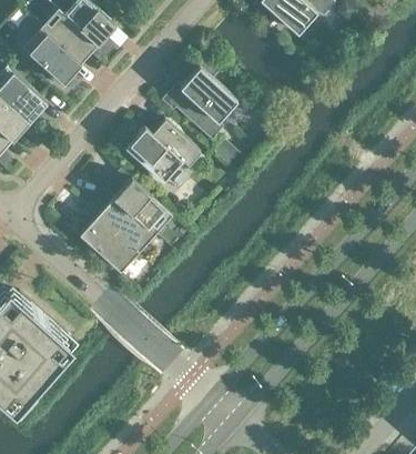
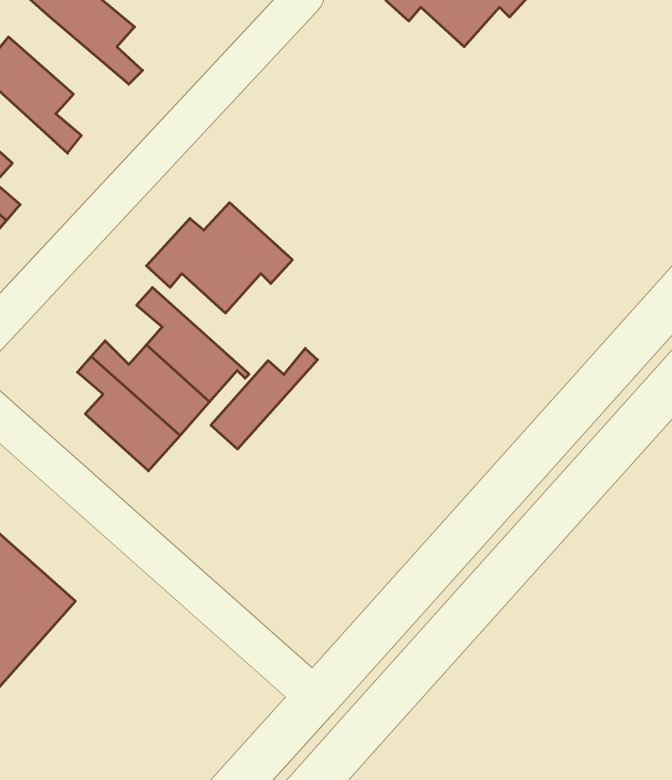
building: [41,16,109,63] -> none
building: [176,59,237,141] -> none
building: none -> [211,348,318,449]

